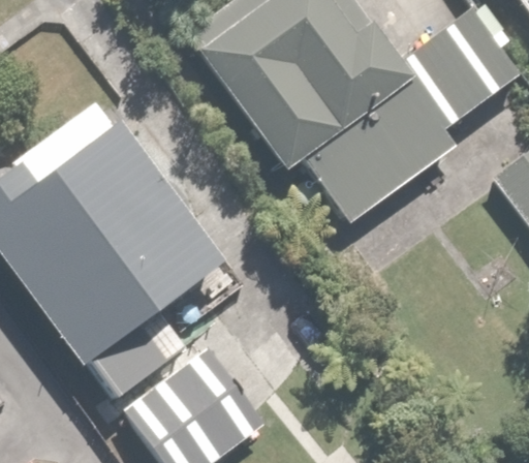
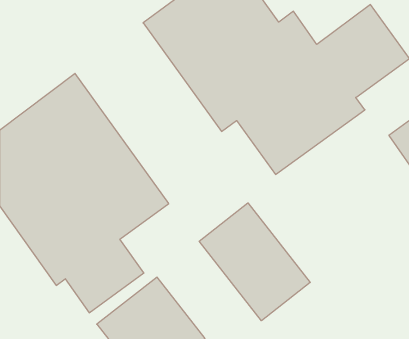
building: none -> [199,203,310,321]

